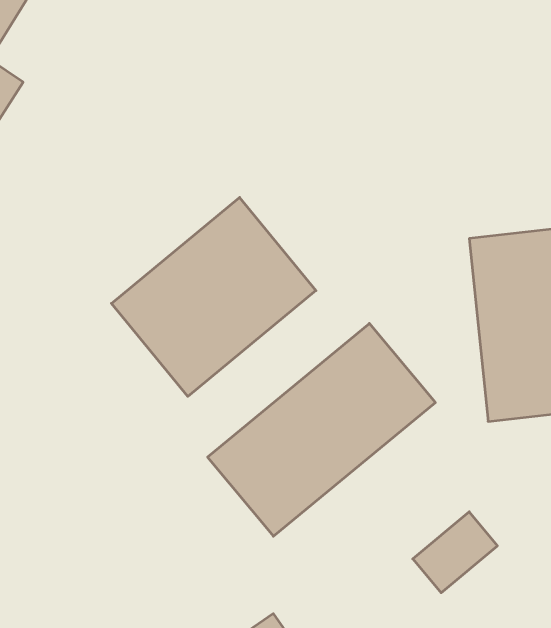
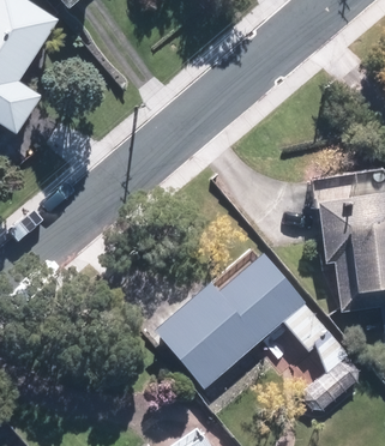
building: [111,197,316,396] -> none

